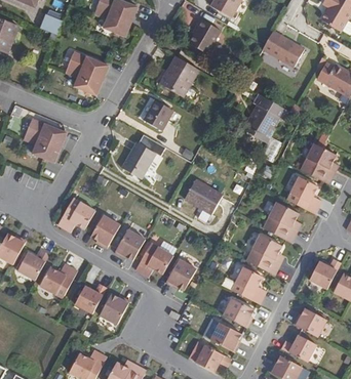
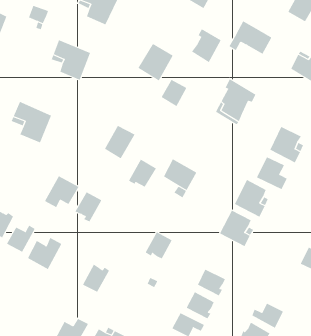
building: [187,17,220,54] -> [191,29,221,63]
building: [144,100,172,130] -> [161,79,187,107]
building: [115,228,146,259] -> [128,159,157,187]
building: [135,242,173,276] -> none
building: [310,259,341,289] -> none
building: [231,266,266,303] -> none
building: [74,284,106,313] -> none
building: [292,307,326,336] -> none

